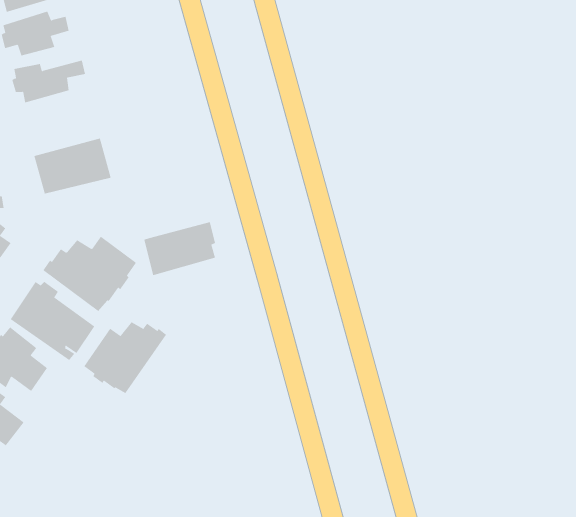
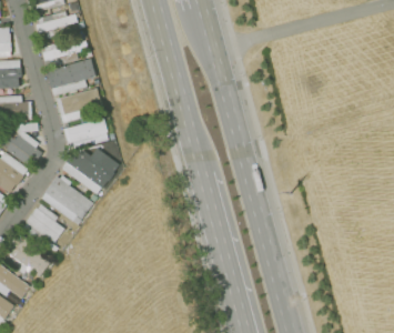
building: none -> [46,59,95,95]
building: [143,221,216,276] -> [63,118,108,151]
building: [84,321,167,394] -> none

